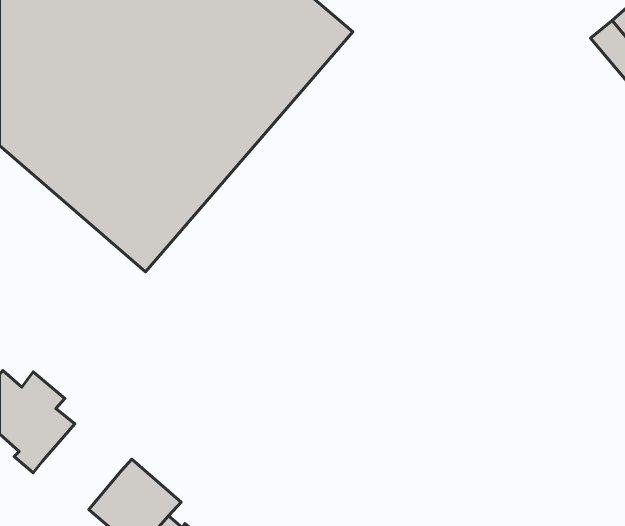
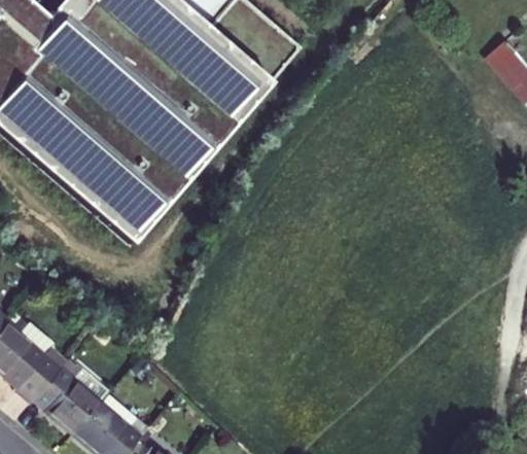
building: none -> [44,370,117,440]

